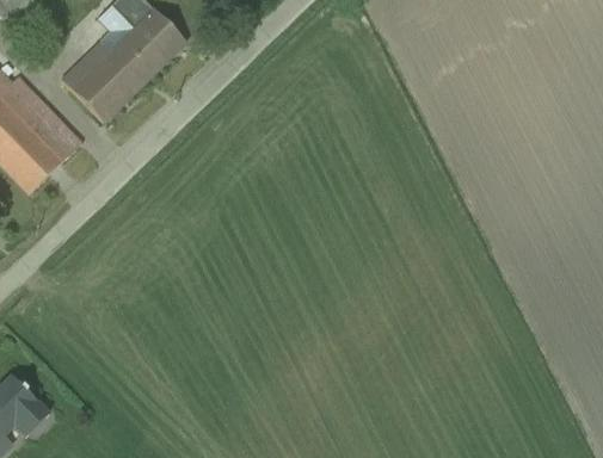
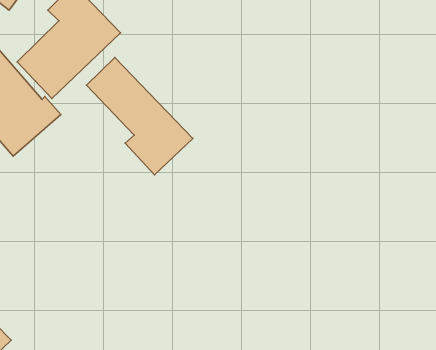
building: none -> [87,57,193,175]

